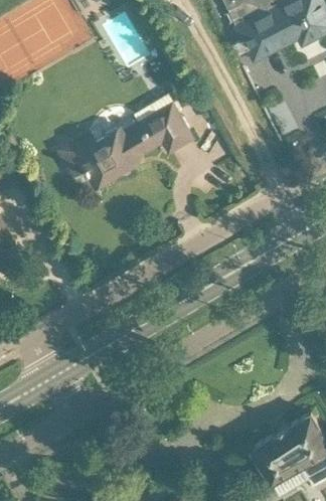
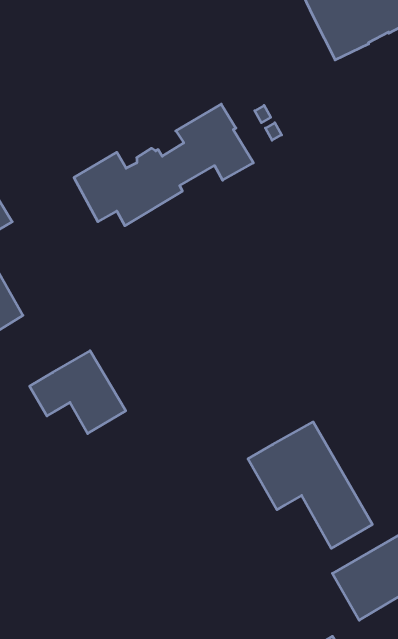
building: none -> [30,351,126,434]
building: none -> [248,422,372,548]

